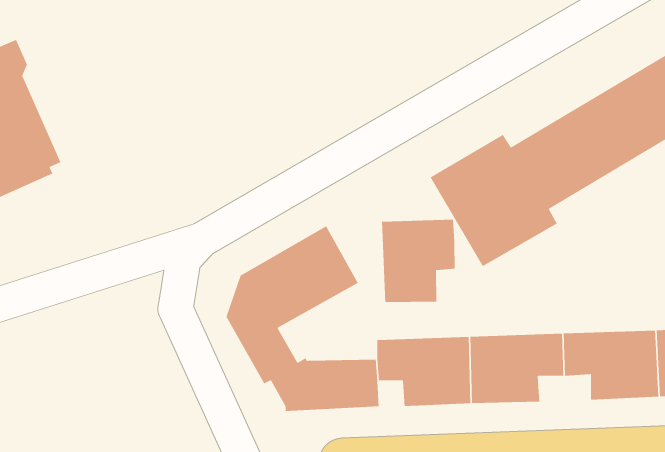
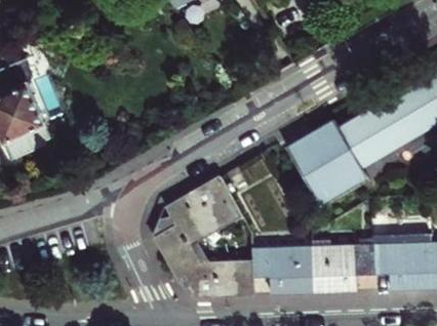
building: [381,219,456,303] -> none

